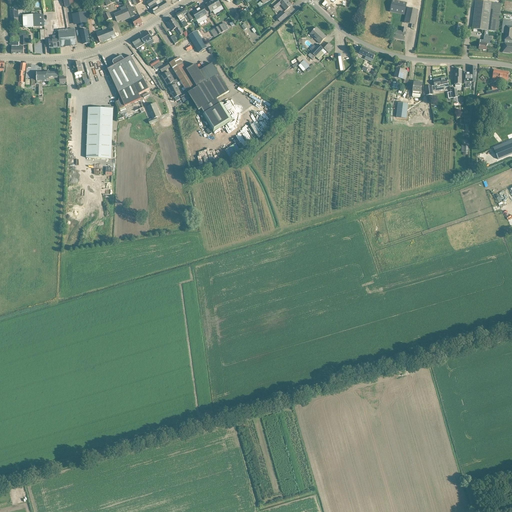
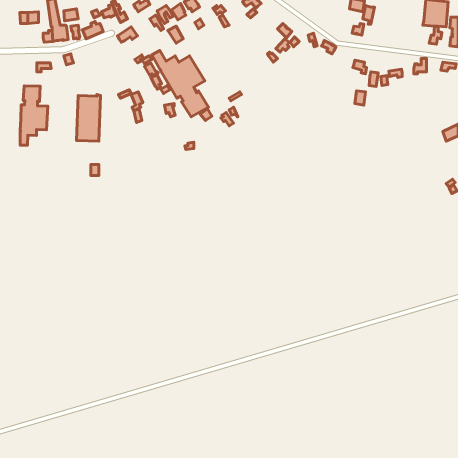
building: [107,54,148,107] -> none
building: none -> [20,86,48,145]

